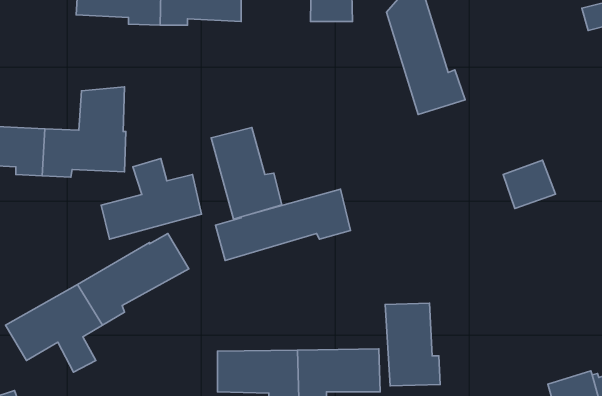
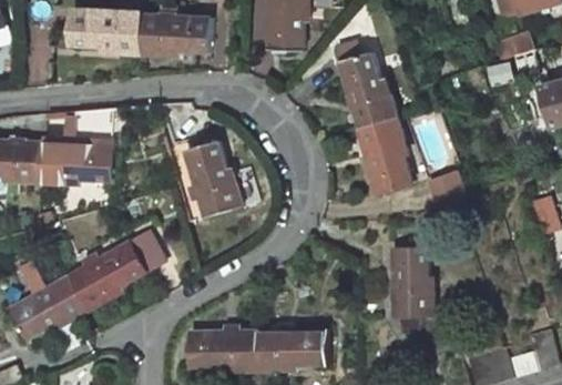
building: none -> [357,118,411,194]
building: [101,159,201,239] -> none
building: [216,189,351,261] -> none
building: [385,303,440,386] -> [389,245,436,315]

